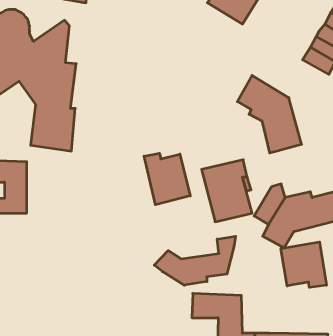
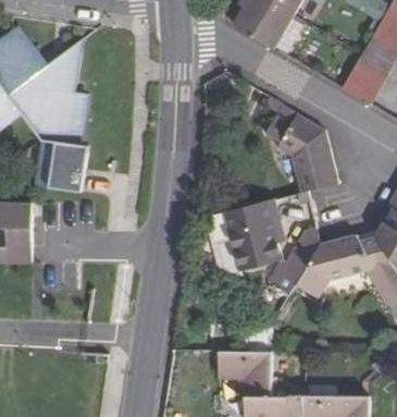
building: [144,153,190,205] -> none
building: [154,236,236,285] -> none
building: [281,242,326,287] -> none

